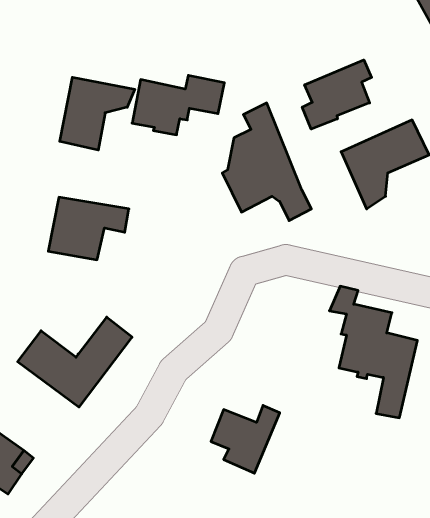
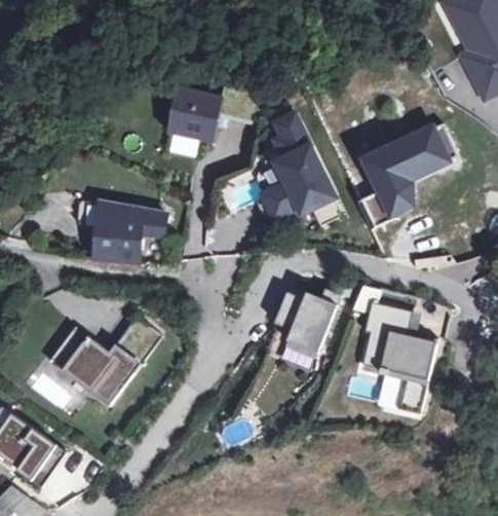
building: [302,60,372,129] -> none
building: [60,77,135,150] -> none
building: [211,405,280,473] -> [277,290,344,356]

